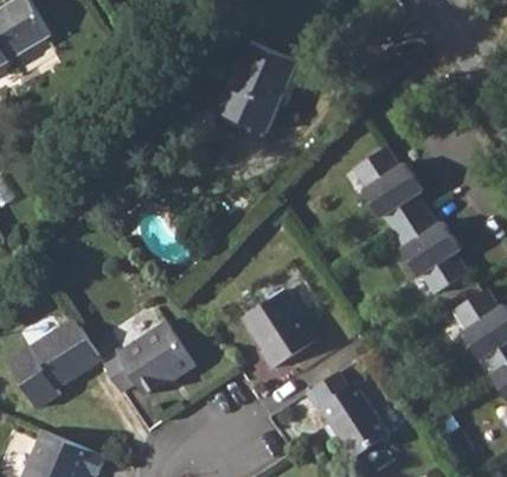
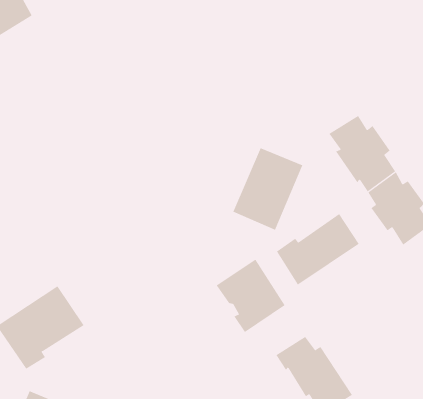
building: [219,44,295,133] -> [232,148,303,231]
building: none -> [276,213,360,286]
building: [101,322,191,395] -> none

